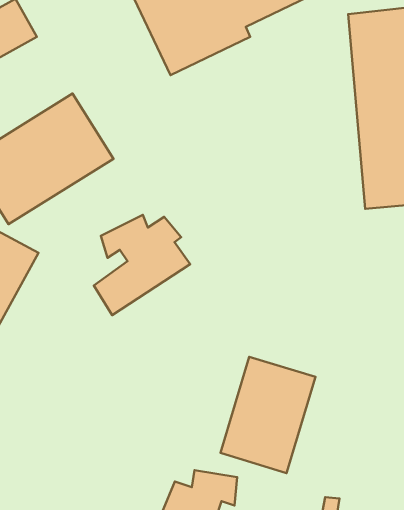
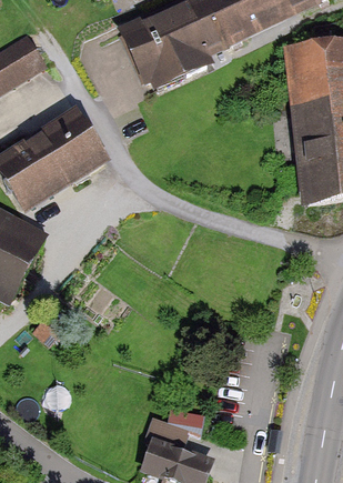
building: [94,215,190,315] -> none
building: [220,357,315,473] -> none

